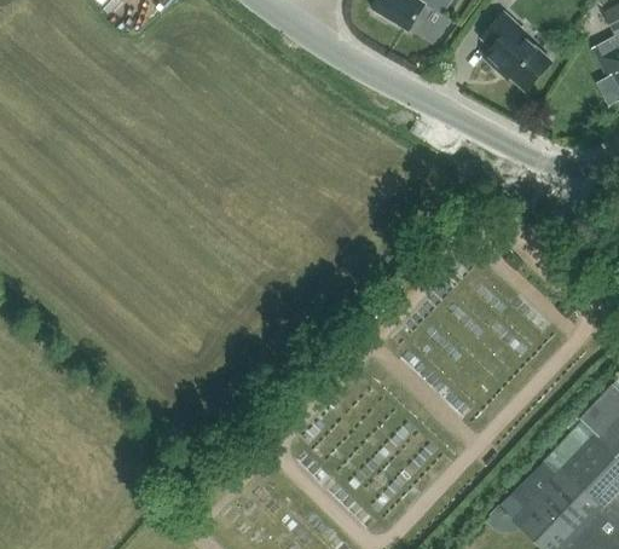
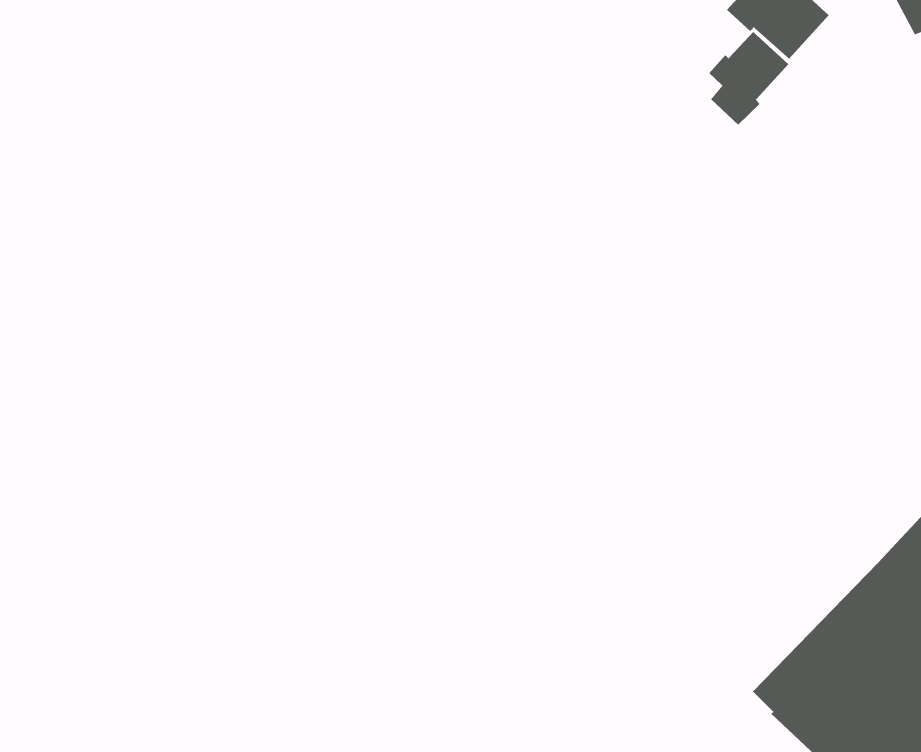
building: none -> [708,31,789,125]

